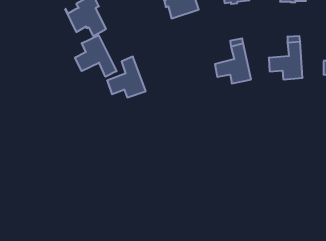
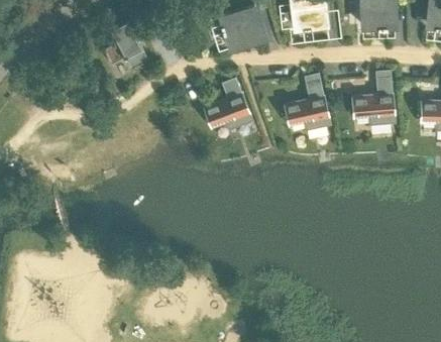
building: [75,35,117,77] -> none
building: [107,57,146,97] -> [204,77,252,128]

